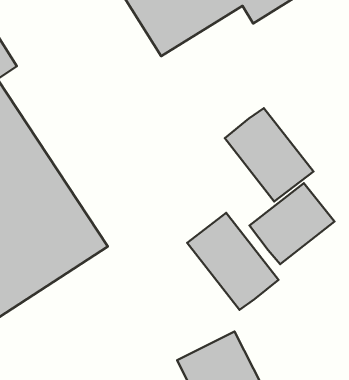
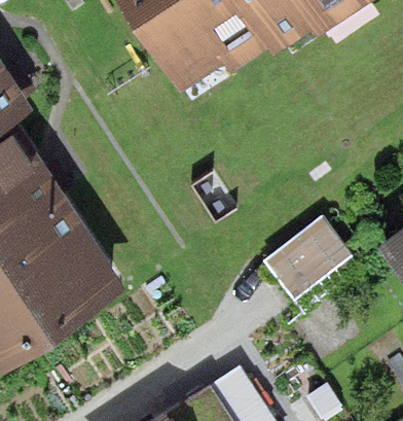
building: [225,108,314,202] -> none
building: [187,213,279,310] -> none

